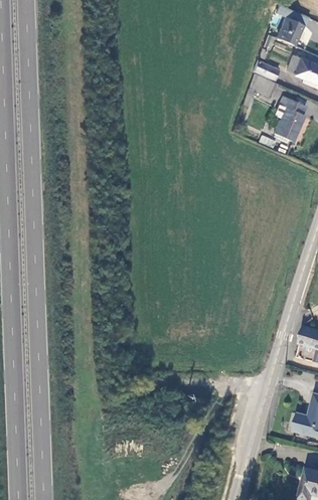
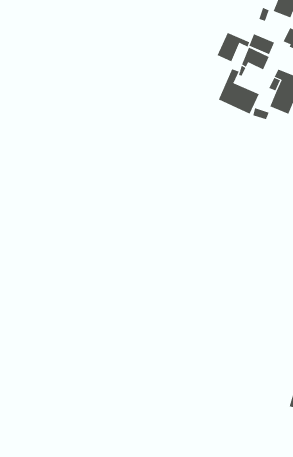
building: none -> [217,32,250,62]
building: none -> [218,69,259,114]

